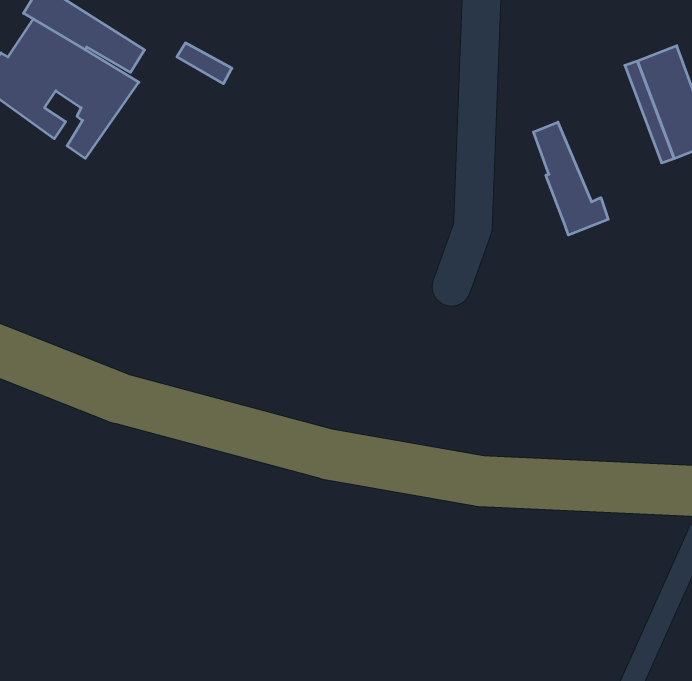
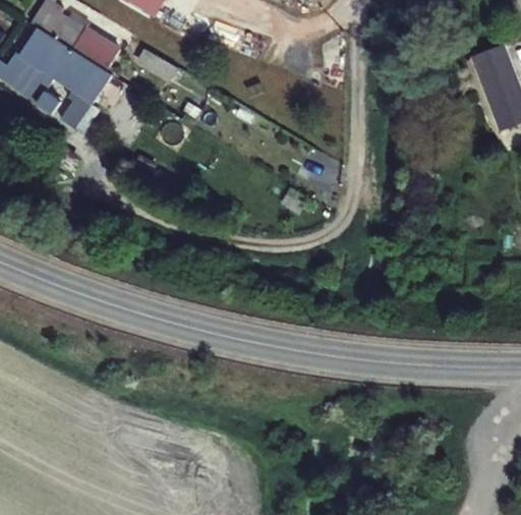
building: [533,122,608,235] -> none

